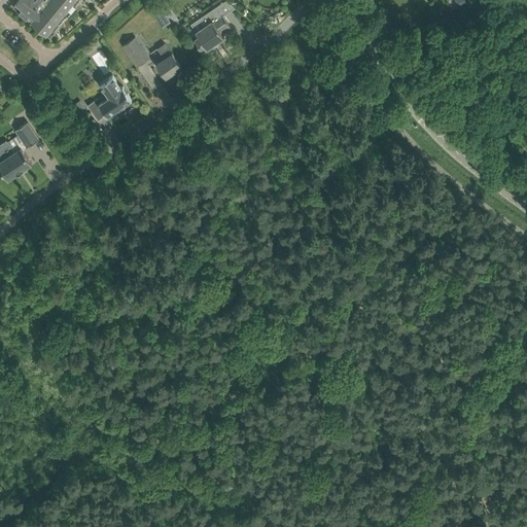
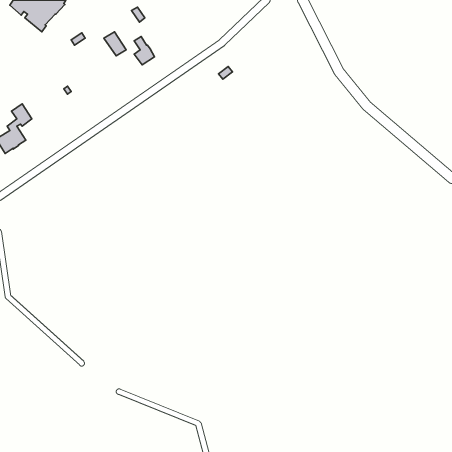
building: [192,11,230,52] -> none
building: [85,76,130,117] -> none

